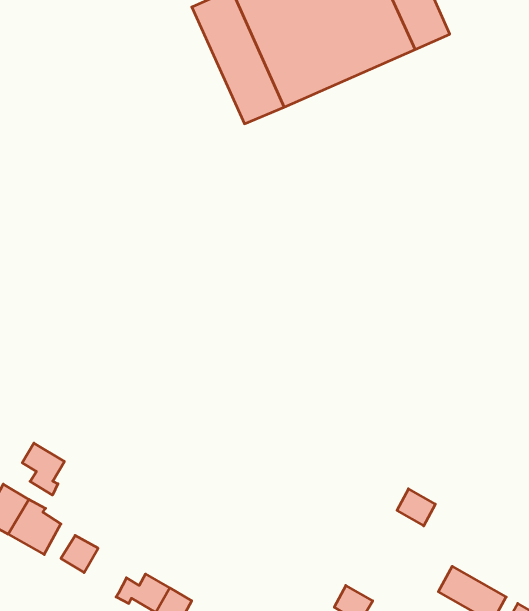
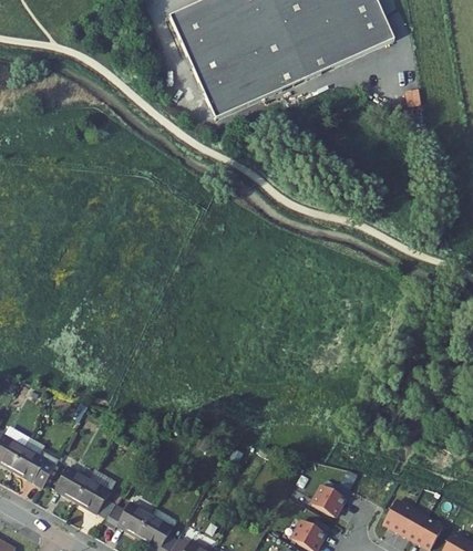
building: [22,443,64,495] -> none
building: [397,489,435,526] -> [313,478,347,510]
building: none -> [78,481,114,520]

